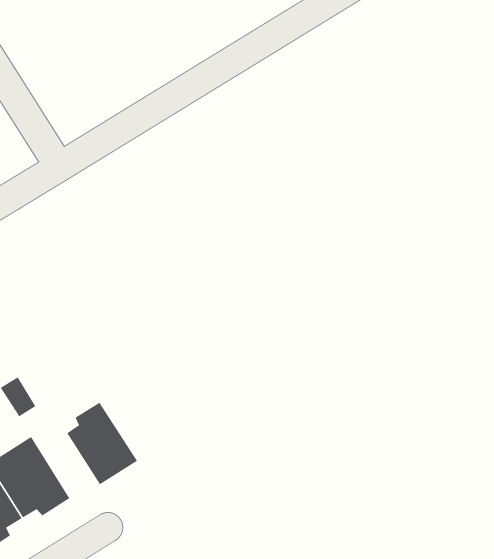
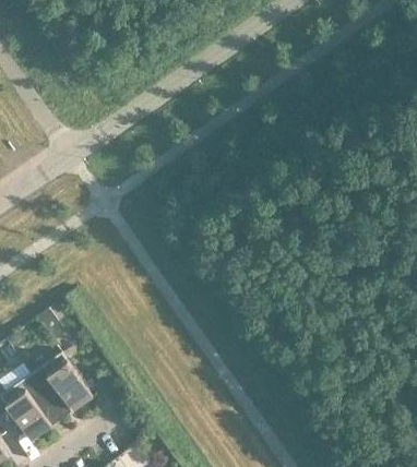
building: [67,402,138,485] -> none

